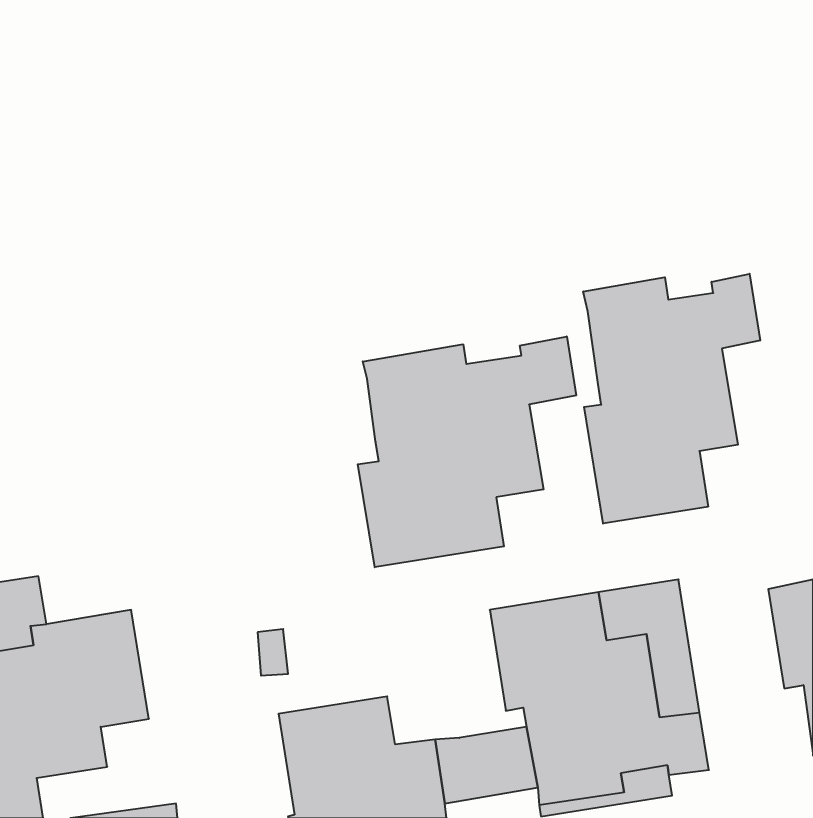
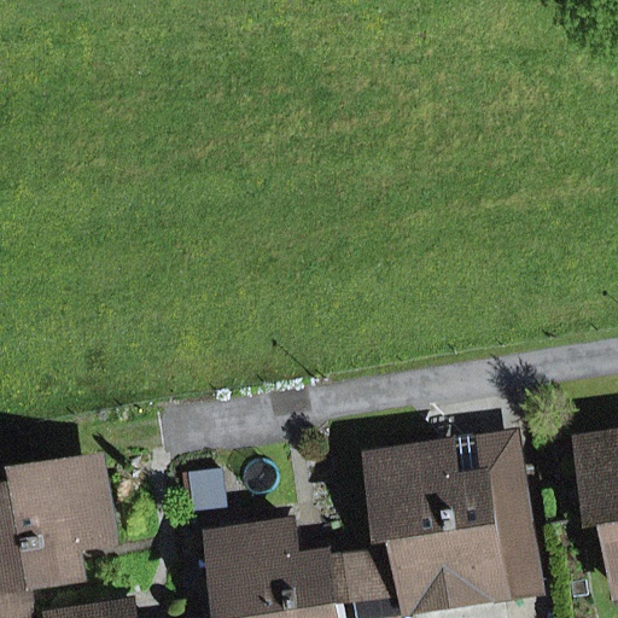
building: [583,274,760,524] -> none
building: [358,336,576,567] -> none

